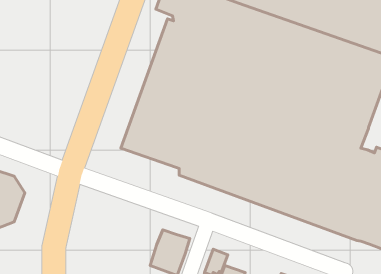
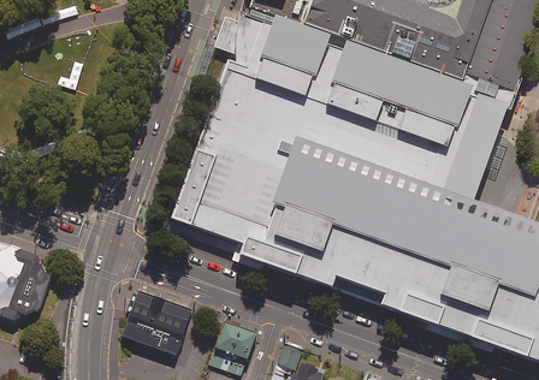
building: none -> [123,290,192,355]

